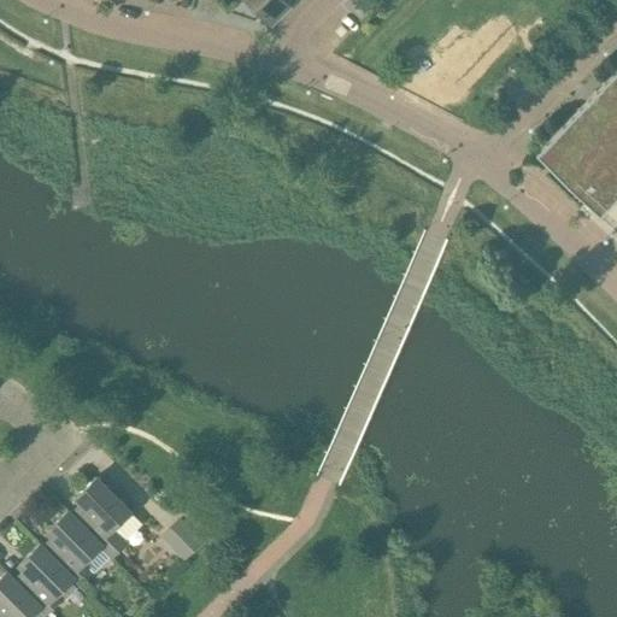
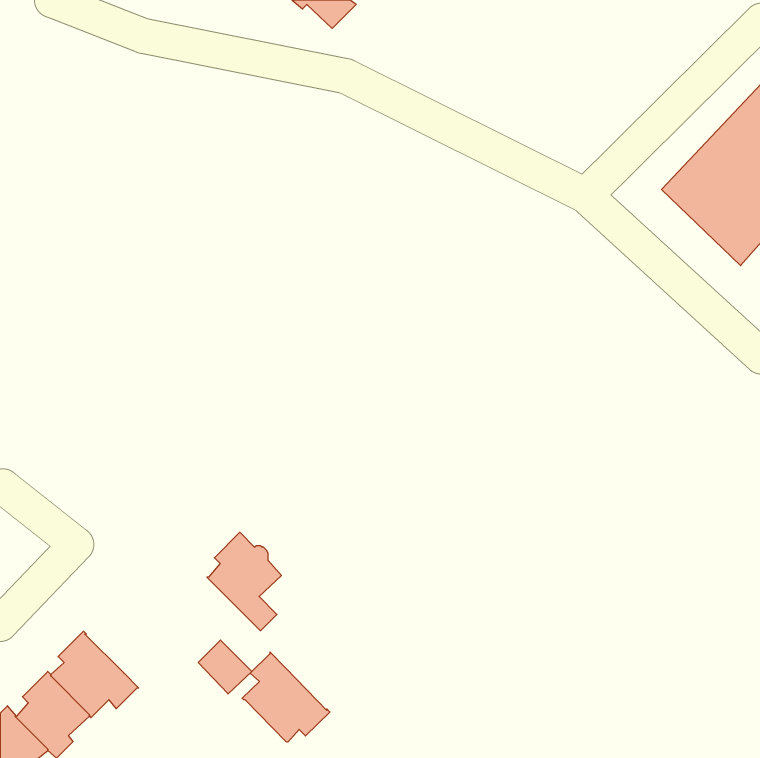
building: [70,480,130,559] -> [207,532,281,631]
building: none -> [242,652,330,742]

